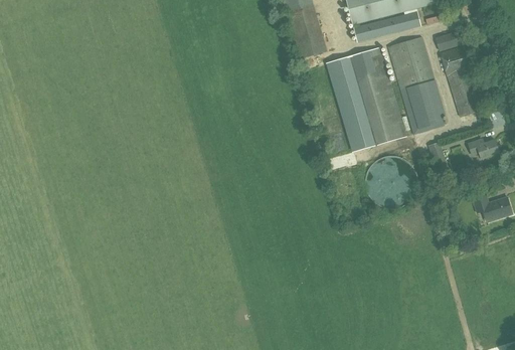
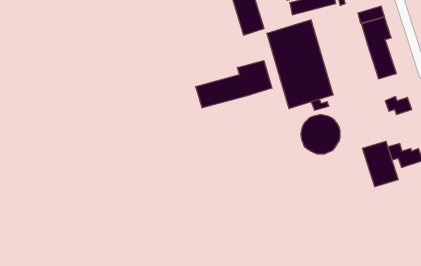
building: [388,34,443,132] -> none
building: none -> [196,61,272,108]
building: none -> [362,141,398,187]

